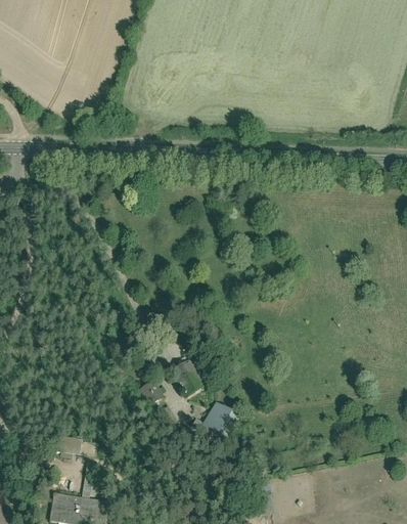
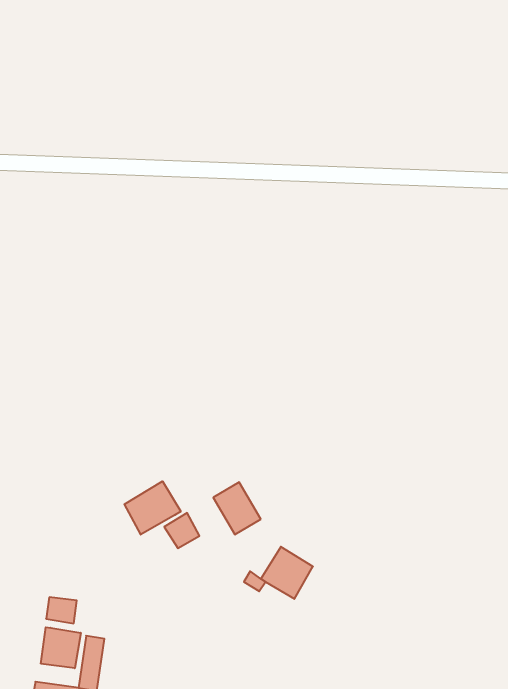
building: none -> [124,481,181,535]
building: none -> [41,627,81,668]

